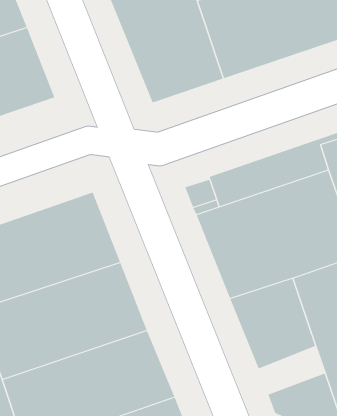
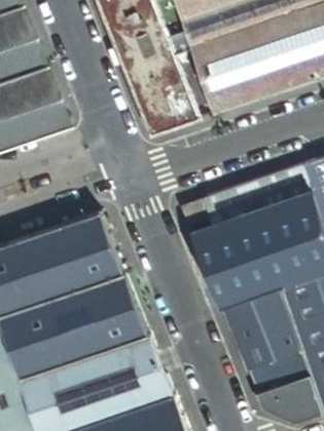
building: none -> [250,349,310,392]

